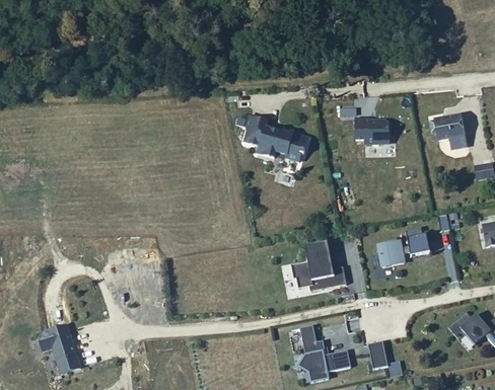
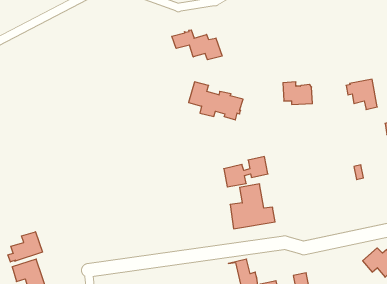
building: none -> [172,30,222,60]
building: [378,232,430,267] -> [224,157,268,187]
building: none -> [8,232,42,262]

